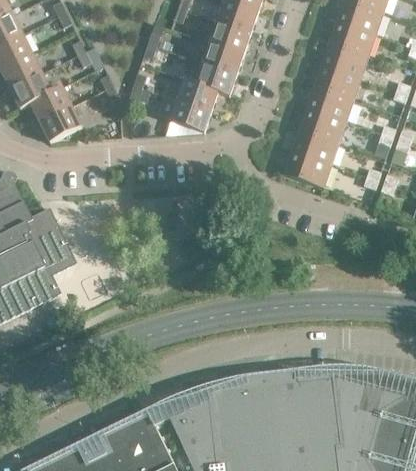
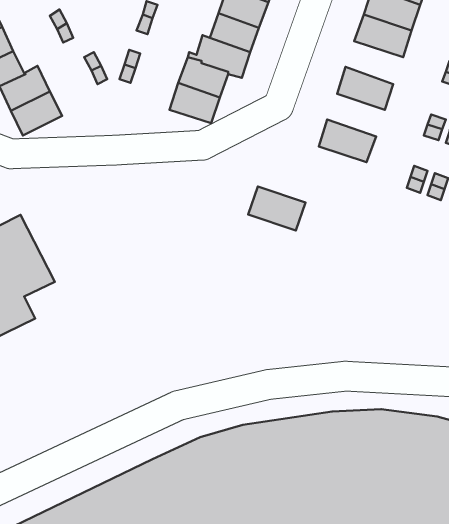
building: [313,66,360,101] -> none
building: [298,109,345,144] -> none
building: [283,152,330,188] -> [248,186,306,230]

